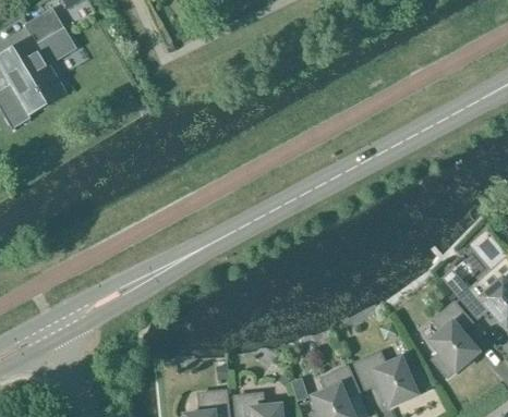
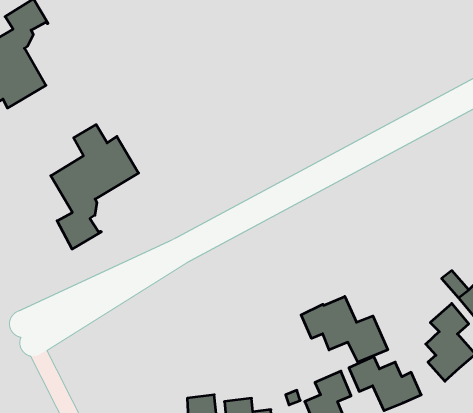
building: none -> [51,125,139,249]
building: none -> [301,296,388,362]

